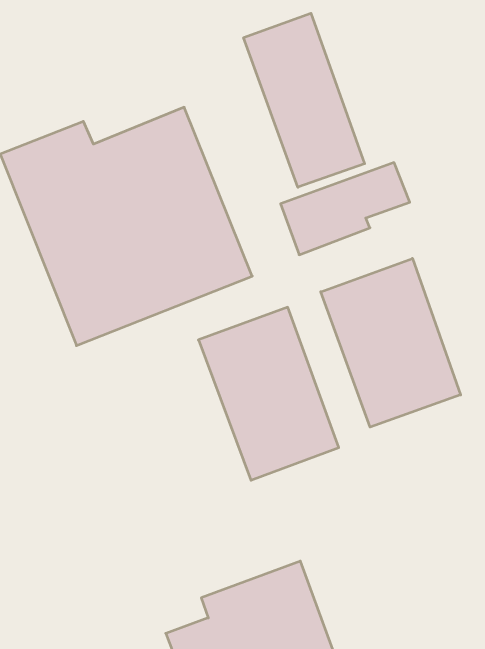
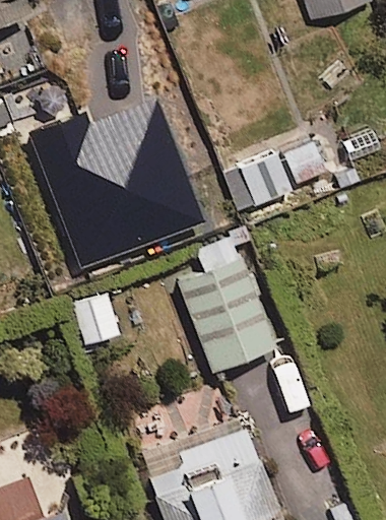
building: [244,13,365,187] -> none
building: [321,258,461,427] -> none

